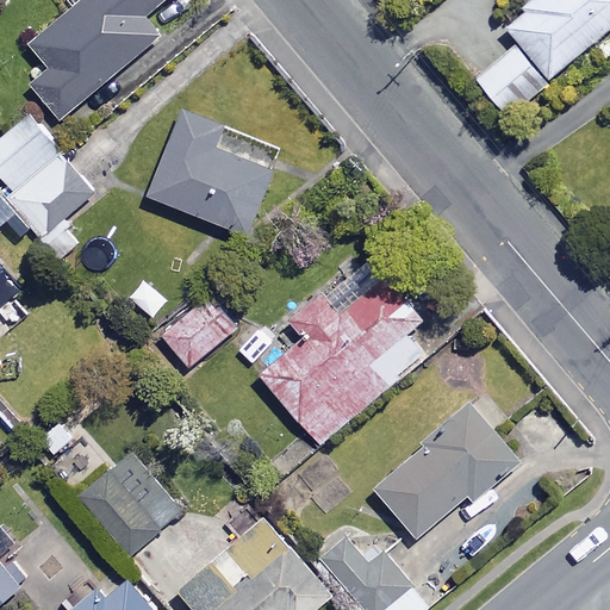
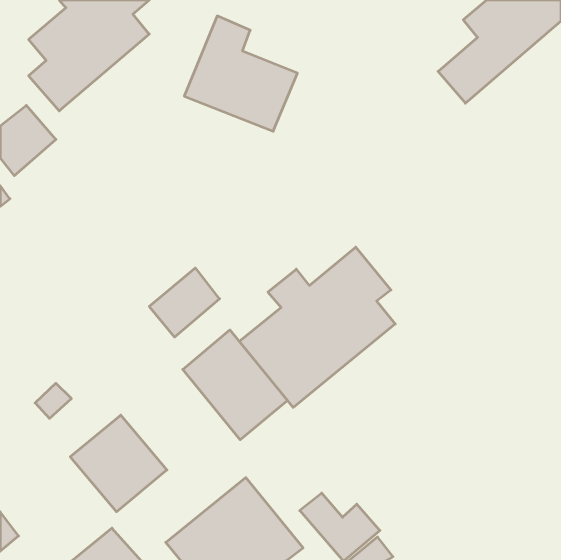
building: [148,108,270,234] -> [184,16,297,131]
building: [10,152,94,236] -> none
building: none -> [183,330,287,440]
building: [373,405,517,536] -> none

